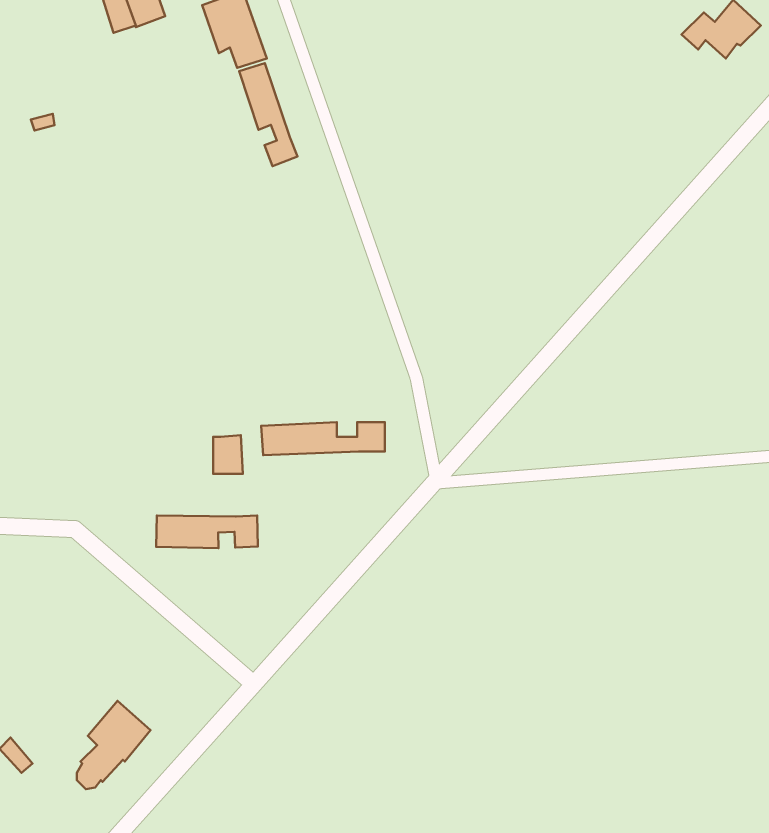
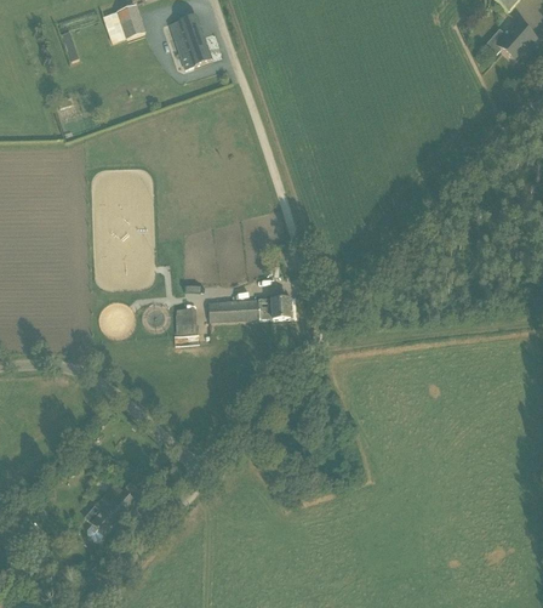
building: [239,63,298,166] -> none
building: [156,516,258,548] -> none

